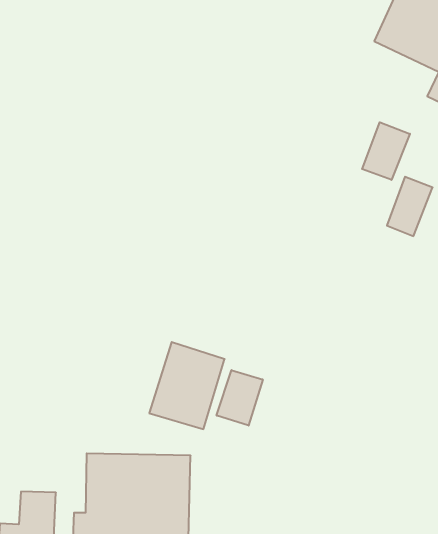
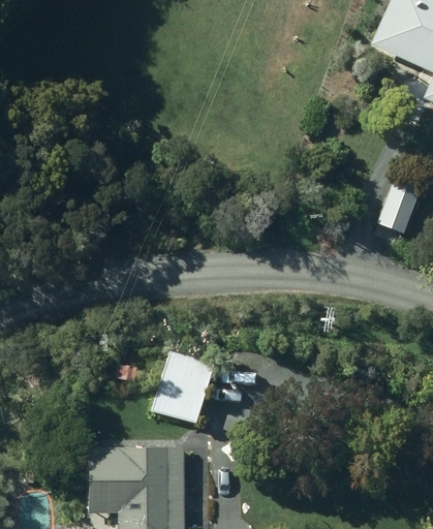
building: [362,122,410,180] -> none
building: [217,370,263,426] -> none

